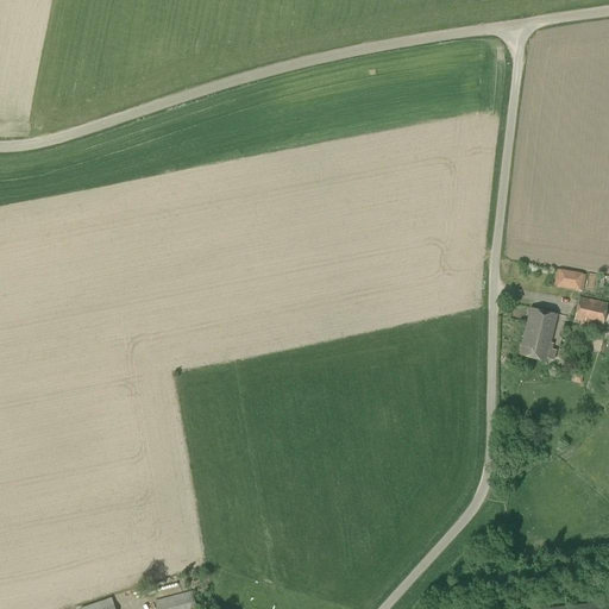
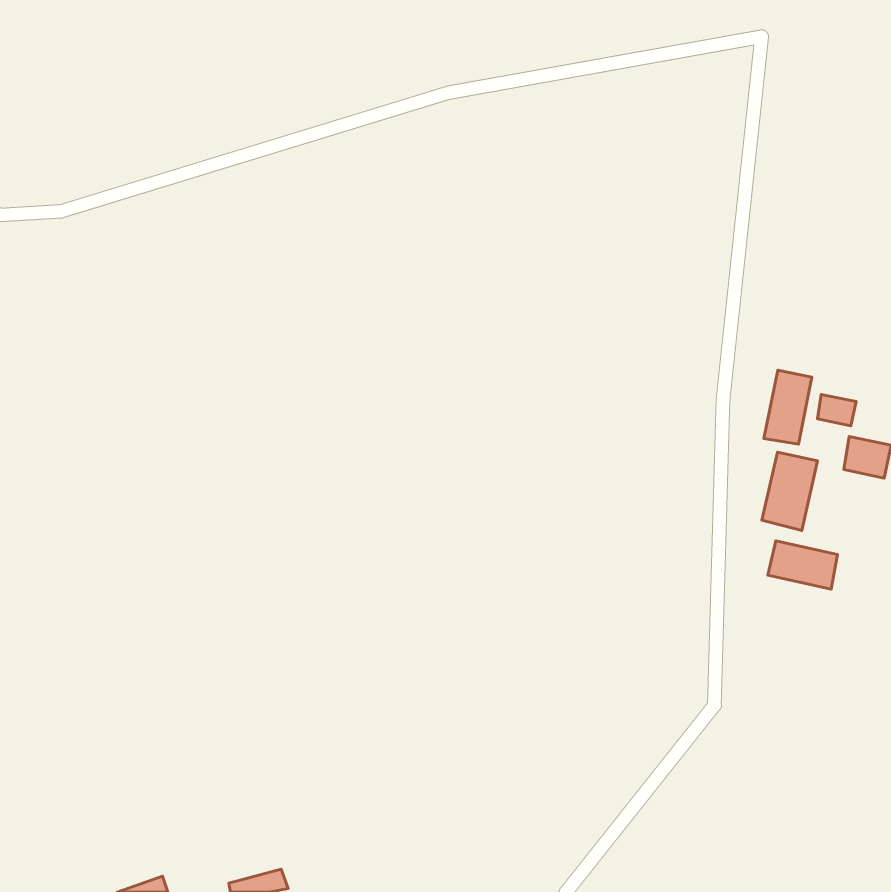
building: none -> [764,370,812,444]
building: none -> [768,541,838,589]

